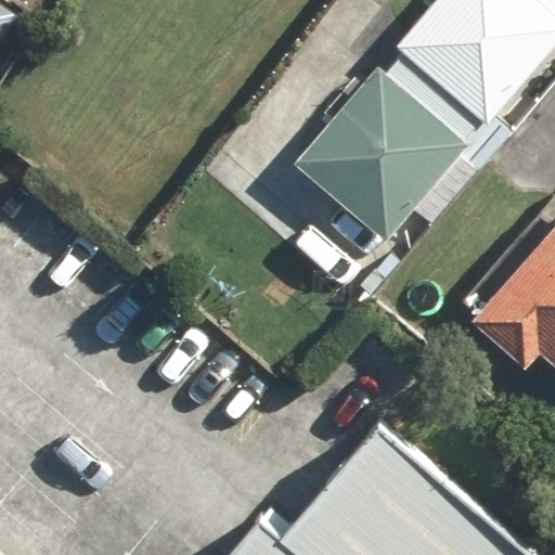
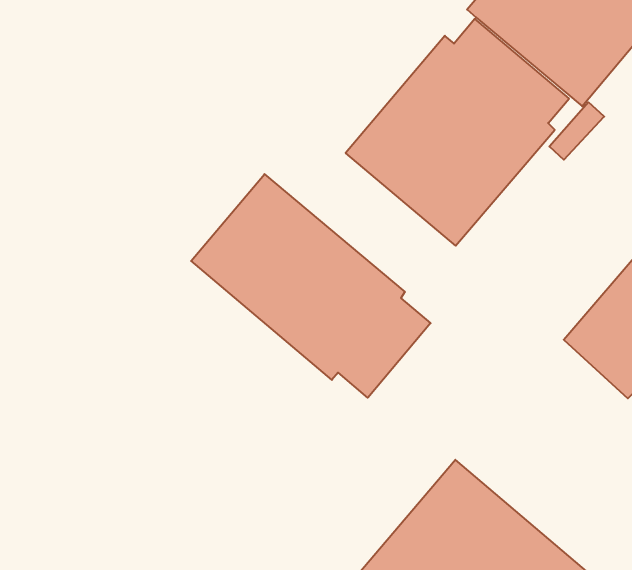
building: none -> [191,174,431,398]

